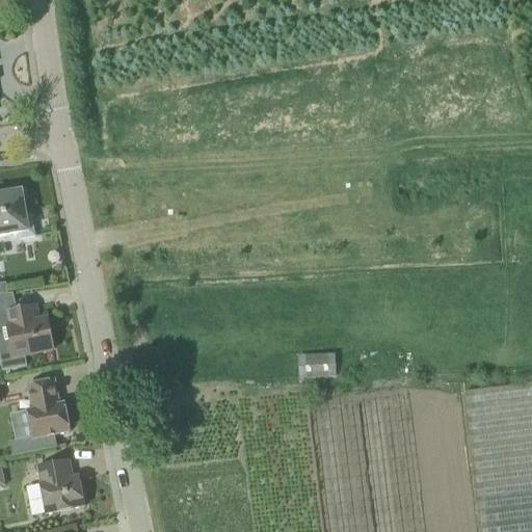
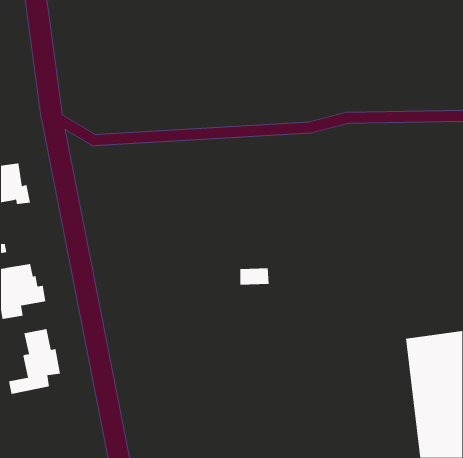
building: [300,354,335,374] -> [239,268,269,285]
building: [37,457,84,511] -> none

